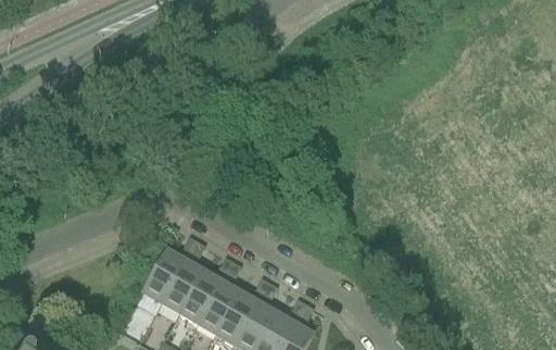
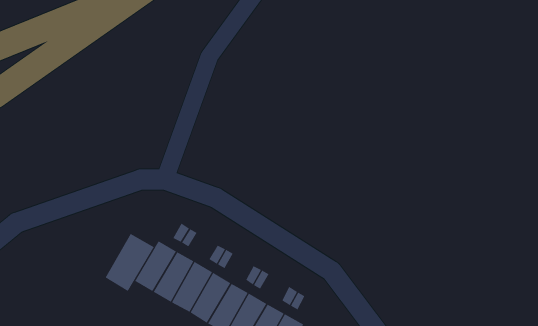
building: none -> [105,233,154,292]

